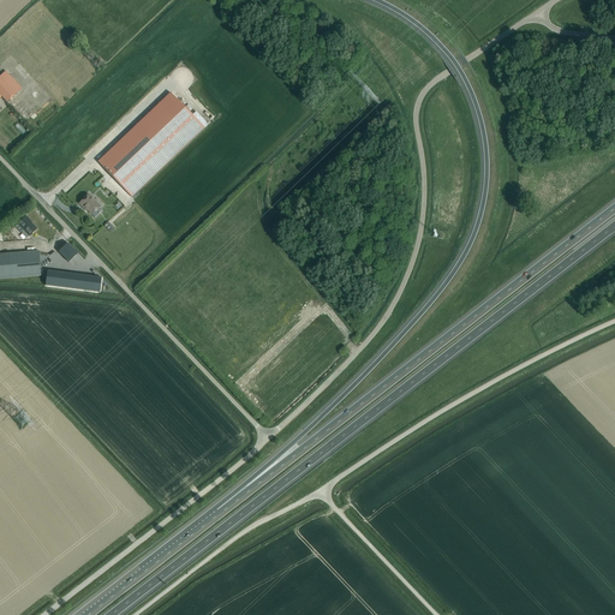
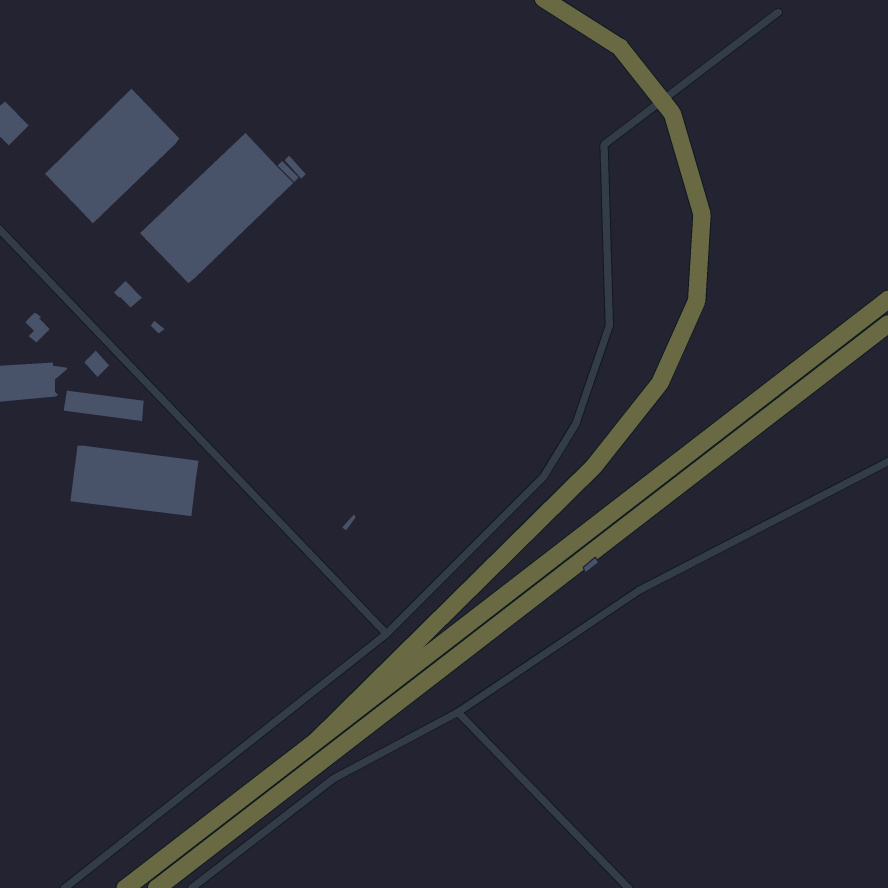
building: none -> [44,88,180,224]
building: none -> [70,445,199,517]

